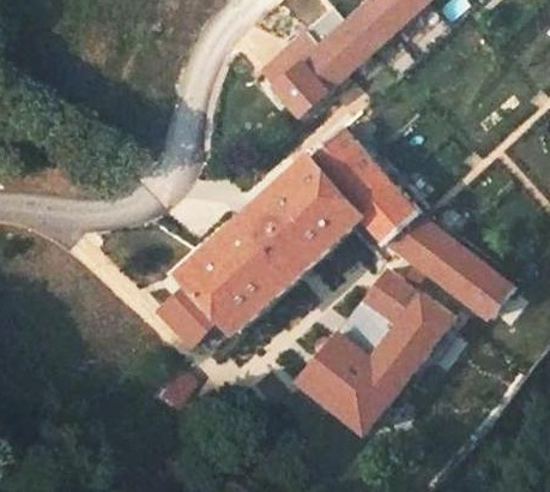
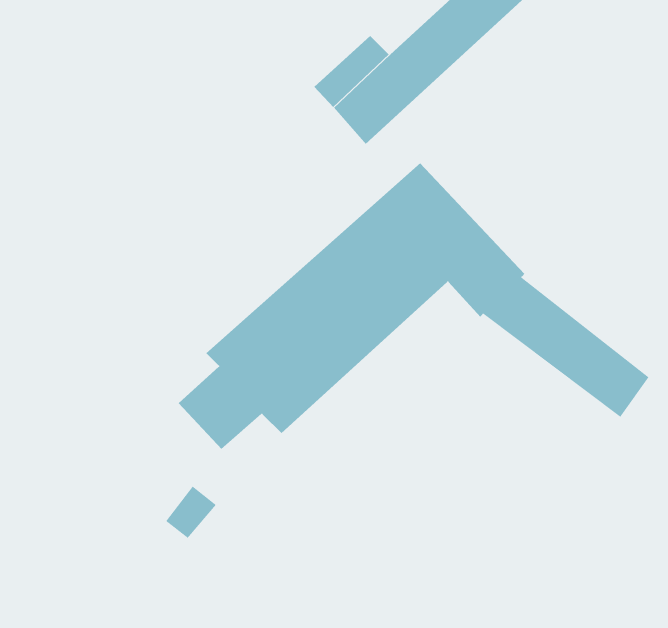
building: [302,270,452,432] -> none

